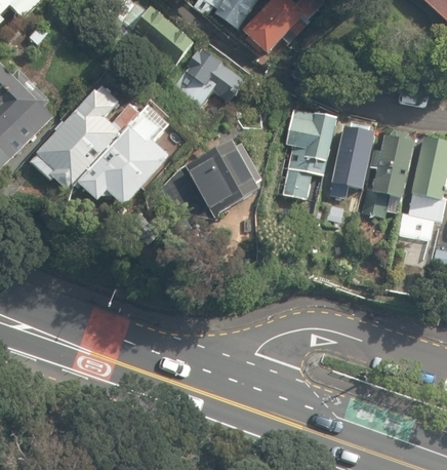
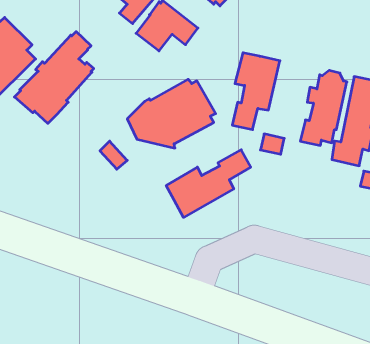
building: [78,103,169,204] -> none
building: [329,121,375,197] -> none
building: none -> [166,150,251,217]

